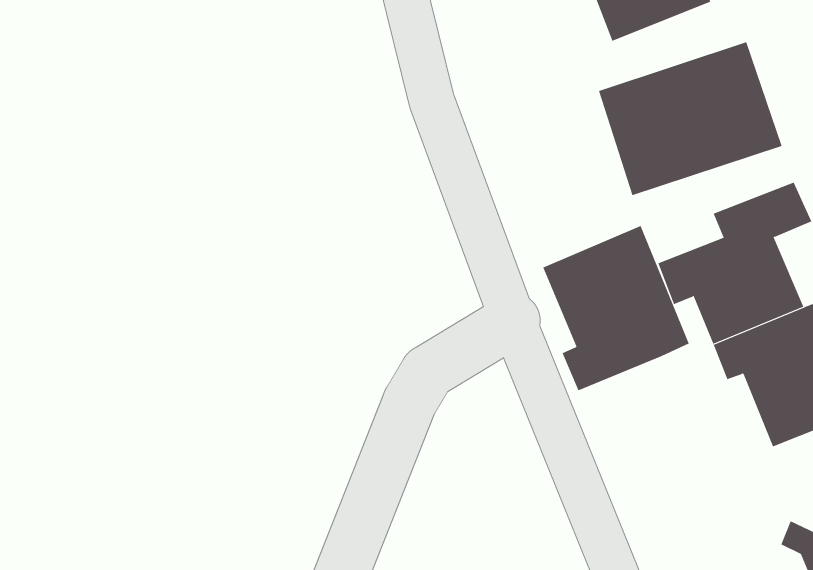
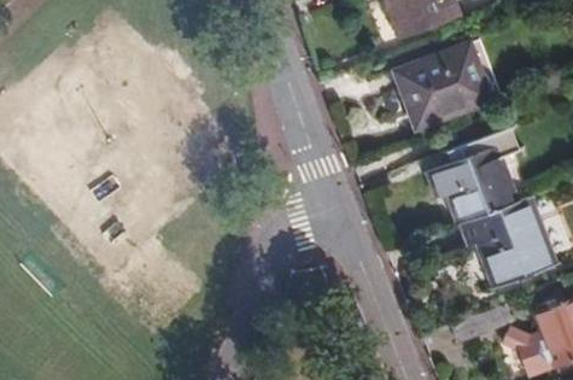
building: [542,225,689,391] -> none

